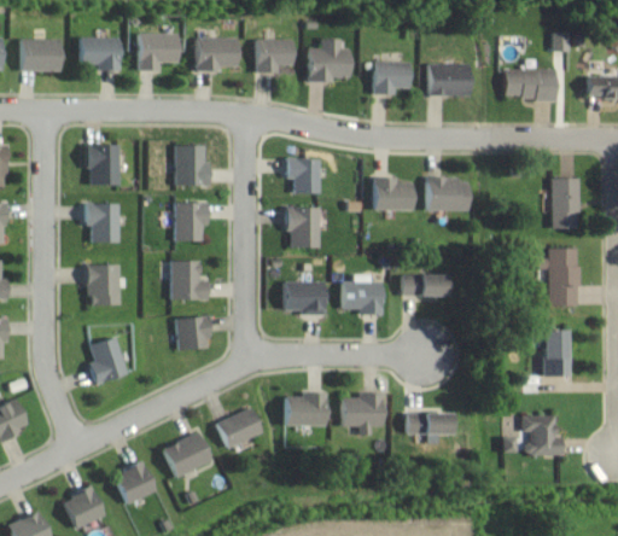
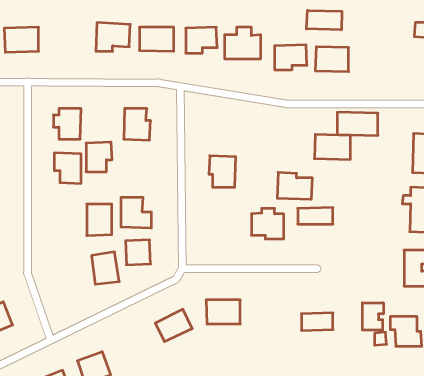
building: none -> [306,10,342,30]
building: [77,37,124,70] -> none
building: [505,69,558,99] -> [337,112,378,135]
building: [286,158,320,193] -> none
building: [372,176,418,211] -> [277,172,312,199]
building: [176,202,210,240] -> [86,142,112,172]
building: [87,264,119,305] -> [87,204,112,236]
building: [282,281,328,314] -> none
building: [89,338,126,380] -> [92,252,119,284]
building: [339,394,387,426] -> none
building: none -> [362,303,383,330]
building: [161,431,215,479] -> none

